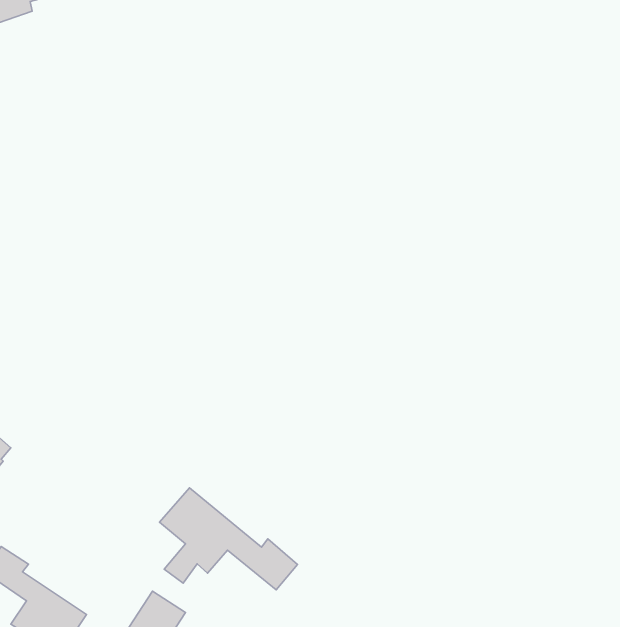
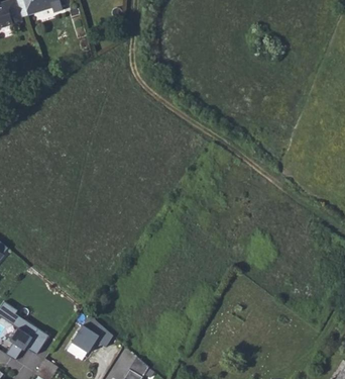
building: [160,488,298,590] -> none

